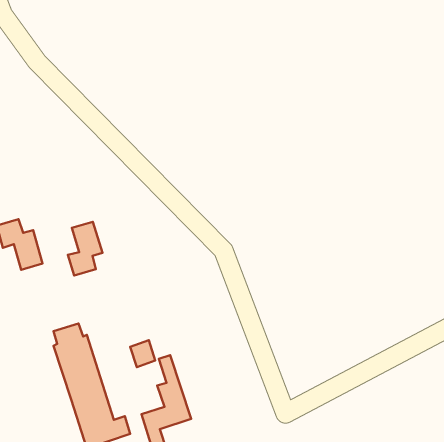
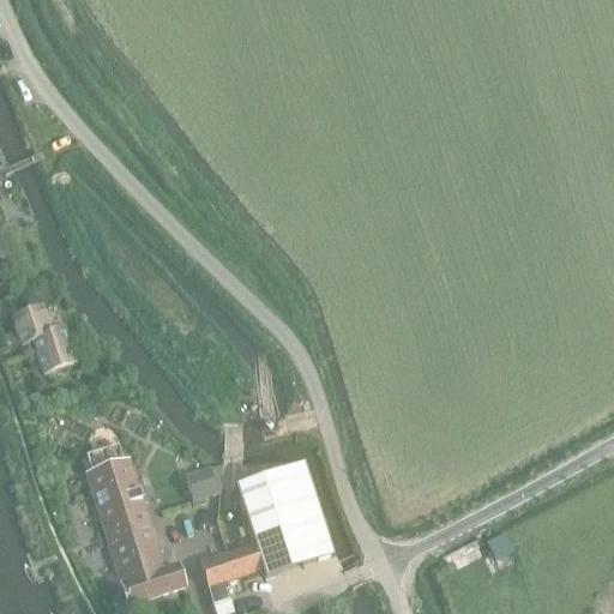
building: [68,222,102,276] -> none
building: none -> [236,460,333,573]

